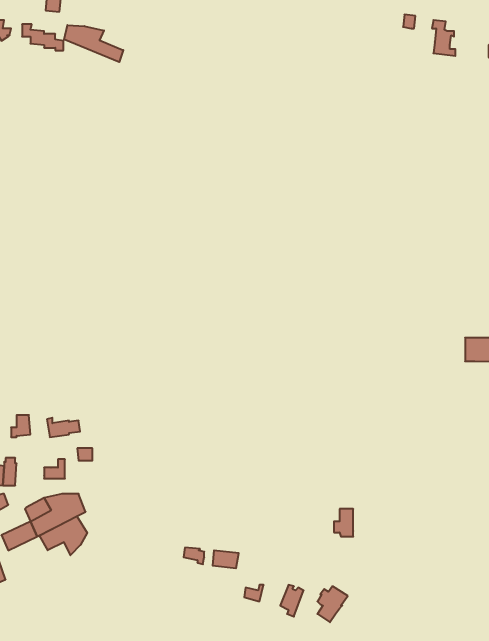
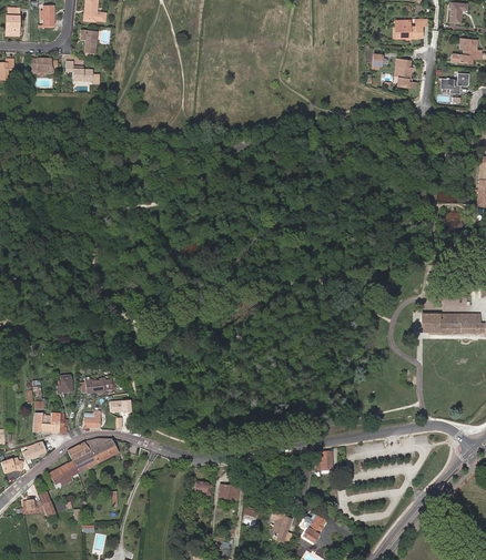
building: [64,25,123,62] -> none
building: [39,516,87,555] -> none

